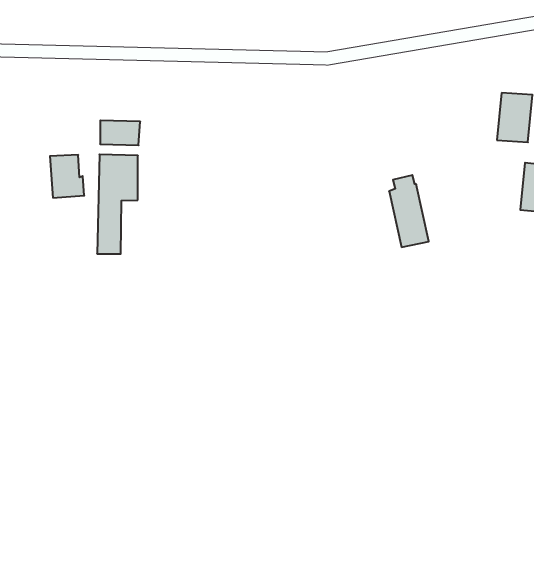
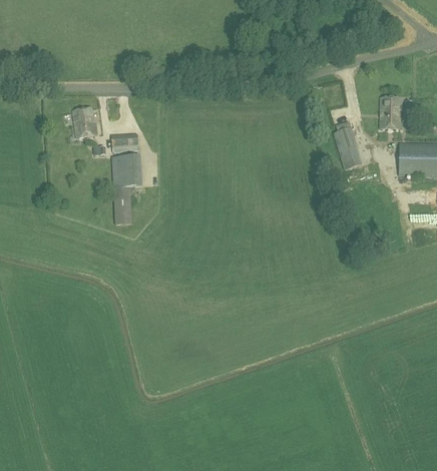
building: [50,155,84,198] -> [72,107,97,137]
building: [389,175,429,247] -> [334,120,363,169]

